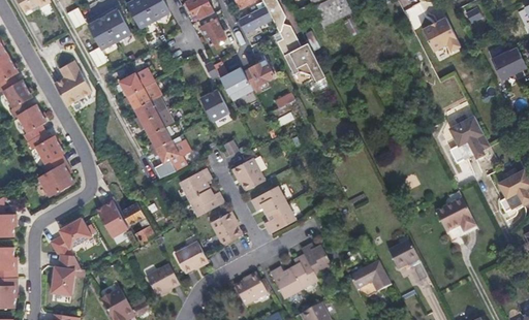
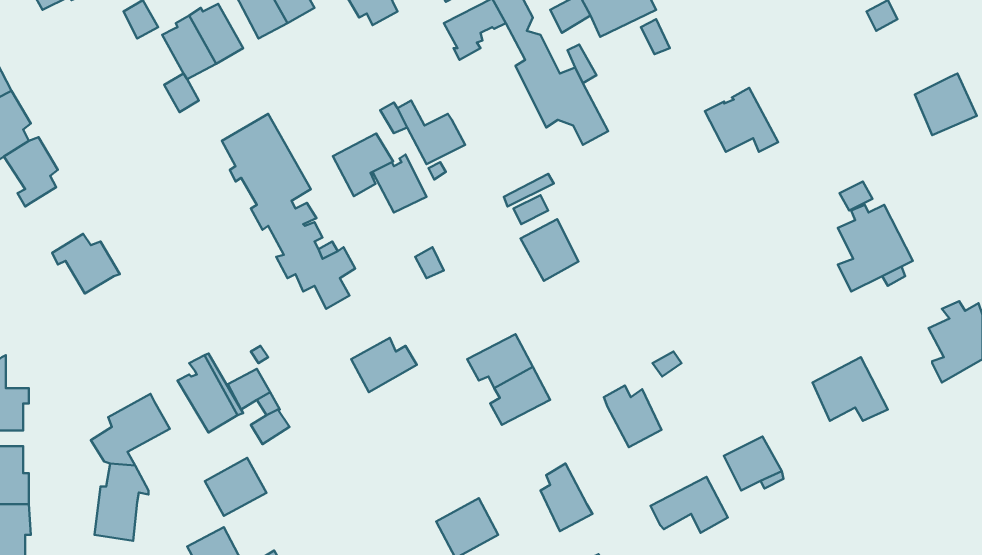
building: [422,17,461,51] -> [705,88,778,152]
building: [200,19,226,45] -> none
building: [243,58,276,93] -> none
building: [54,60,92,105] -> none
building: none -> [333,133,393,196]
building: [18,103,46,141] -> none
building: [38,154,75,197] -> none
building: [234,157,264,190] -> [521,219,578,281]
building: [180,167,212,198] -> none
building: [211,212,242,245] -> none
building: [175,241,208,271] -> none
building: [302,243,333,276] -> [604,385,662,447]
building: [147,264,180,295] -> [205,458,266,516]
building: [270,266,301,298] -> none

